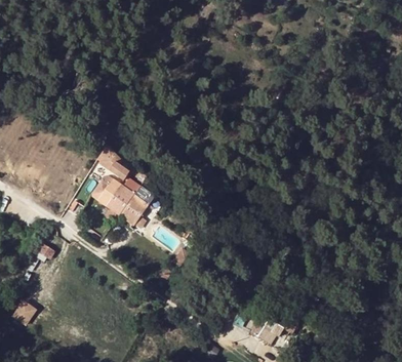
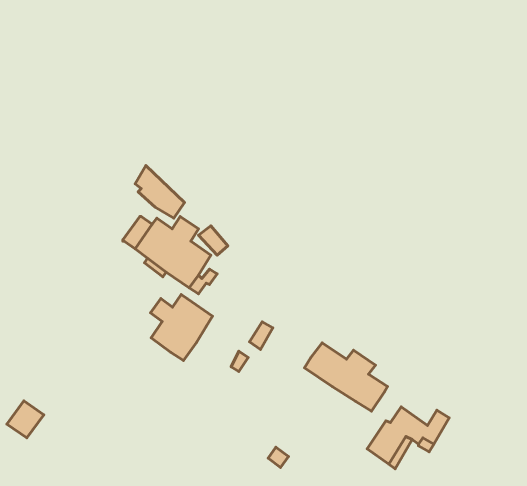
building: none -> [150,295,213,360]
building: none -> [305,343,387,411]

